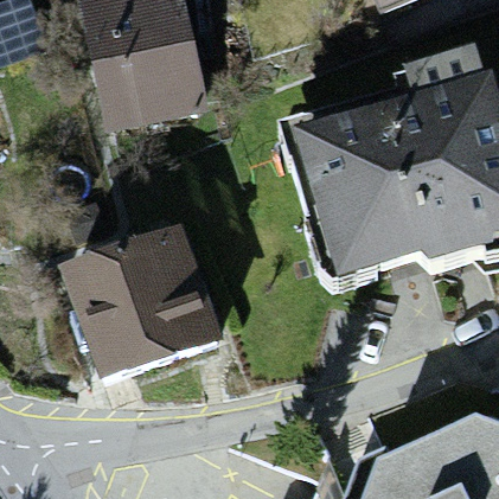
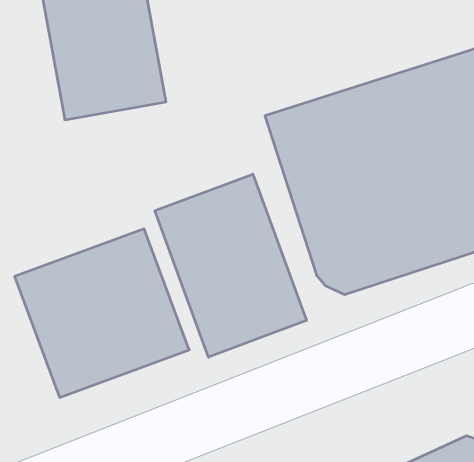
building: none -> [155,174,306,357]

